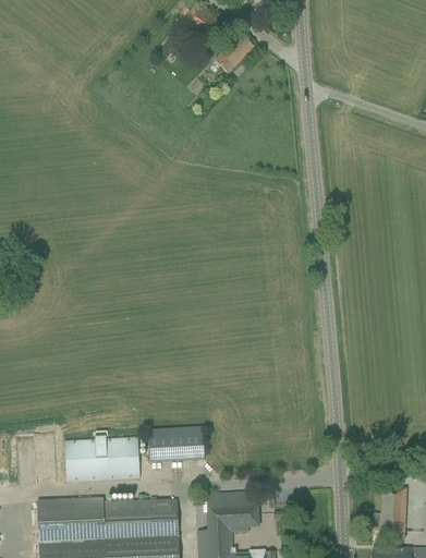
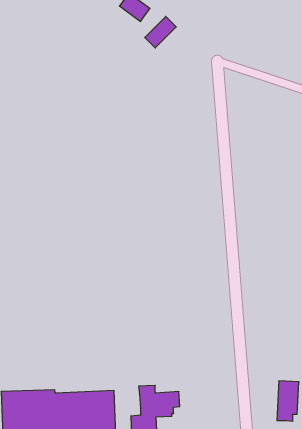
building: [149,425,205,462] -> none
building: [65,436,141,482] -> none

